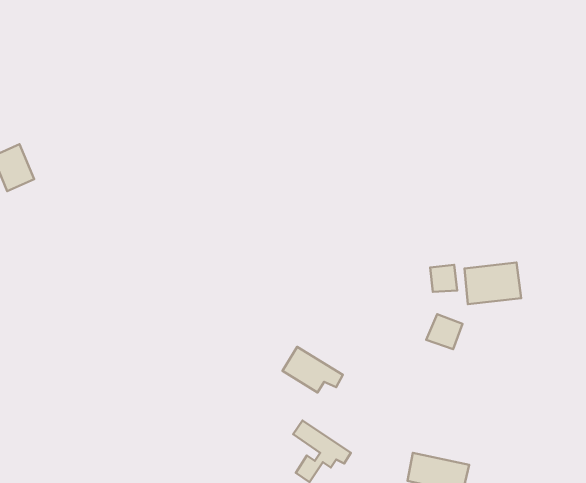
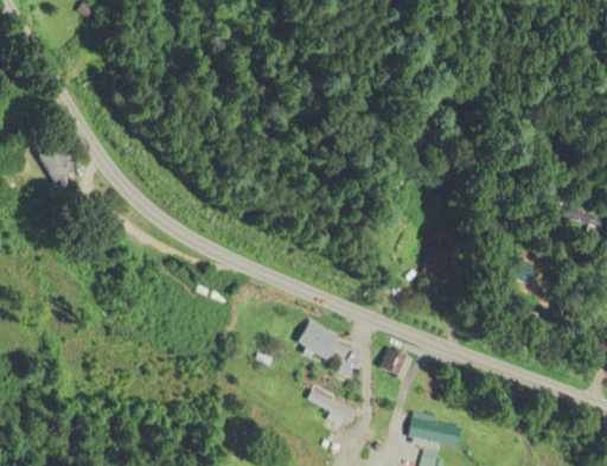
building: [465,262,521,304] -> none
building: [426,314,463,349] -> [379,346,411,377]

